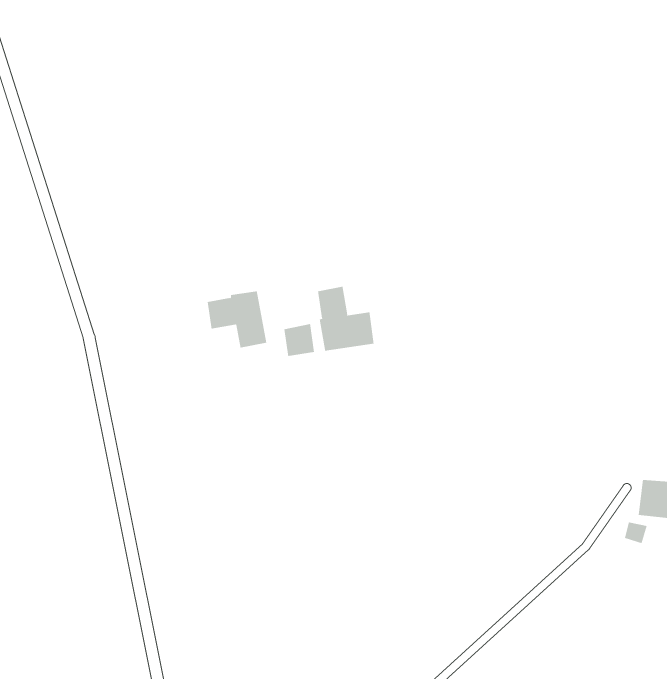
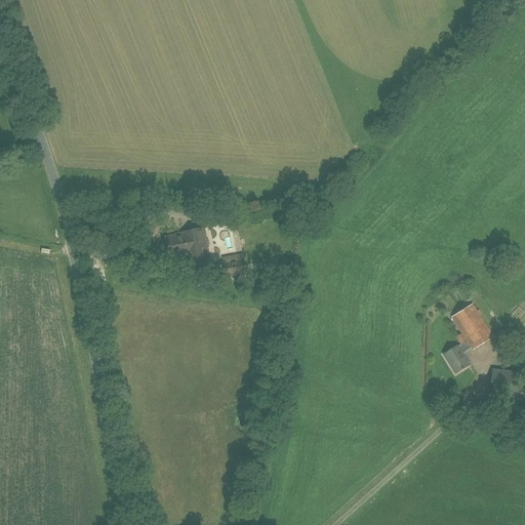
building: [317,286,374,351] -> none
building: none -> [443,302,492,370]

